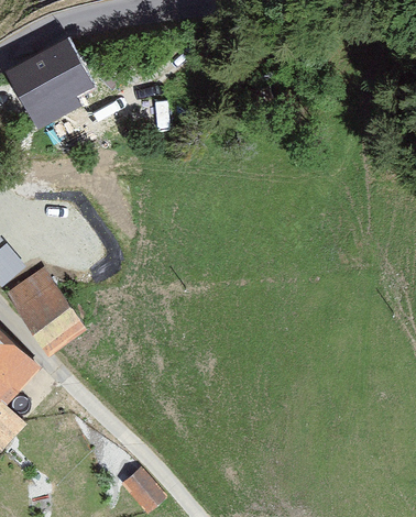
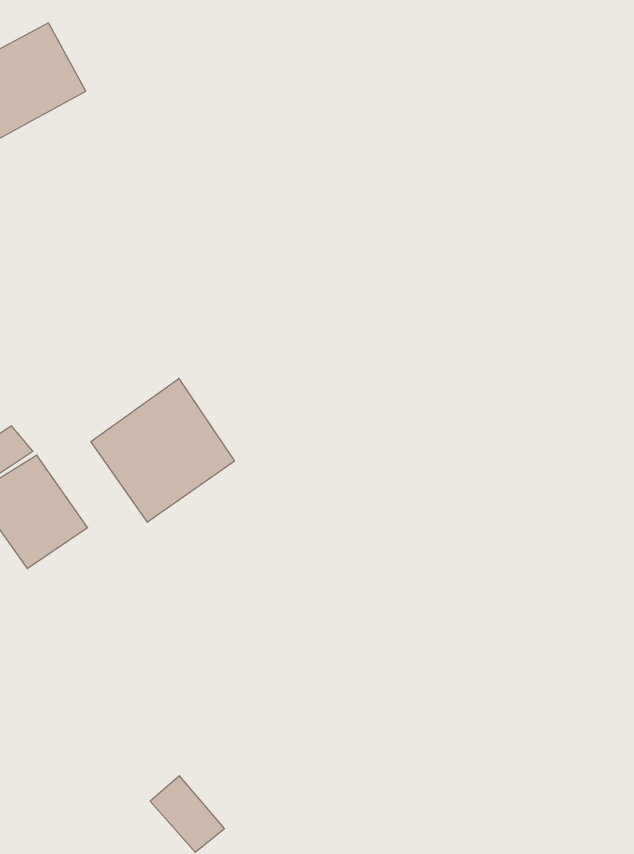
building: none -> [91,378,235,522]

